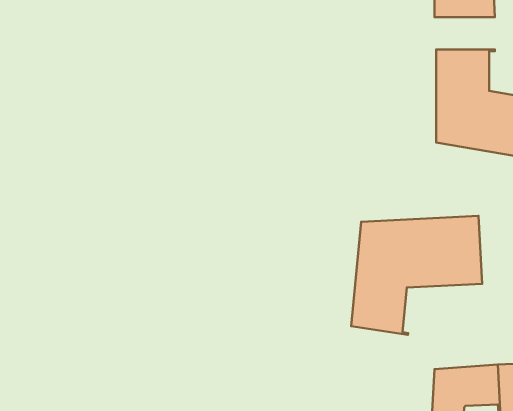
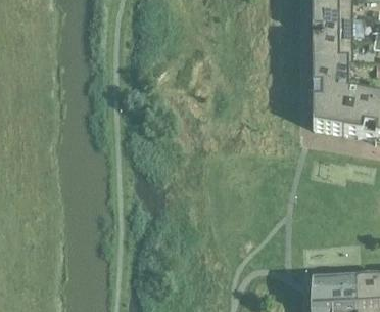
building: none -> [313,35,354,57]
building: [351,216,482,335] -> none

